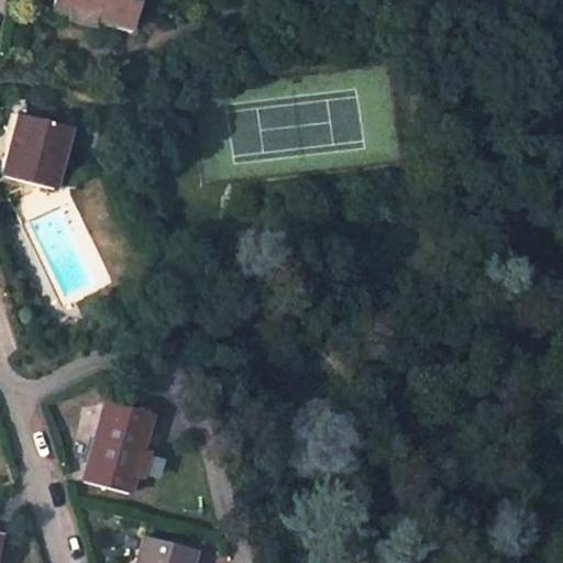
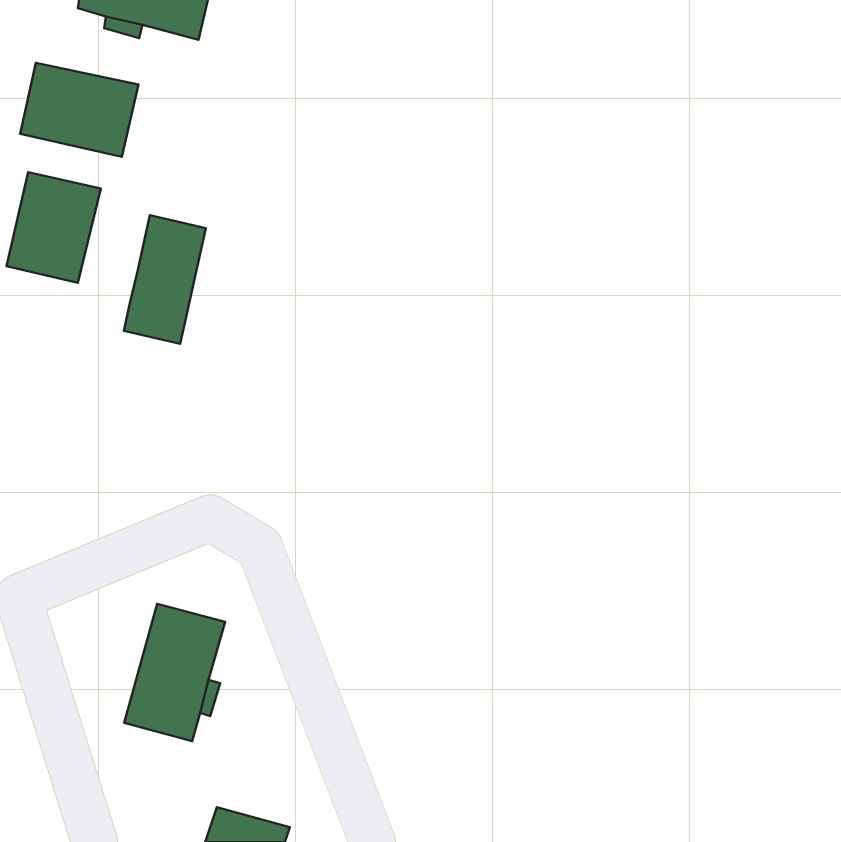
building: none -> [20,63,138,157]
building: none -> [124,215,206,344]

